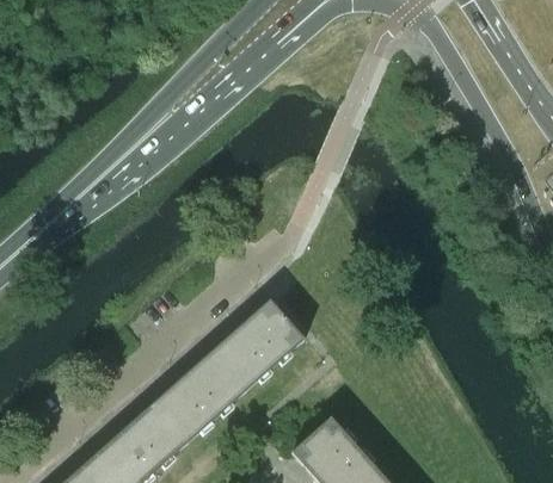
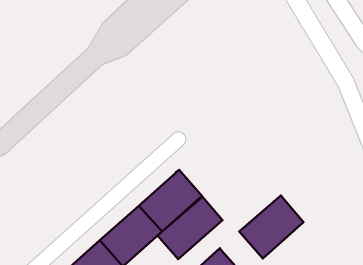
building: none -> [239,195,304,258]
building: none -> [158,197,222,259]

